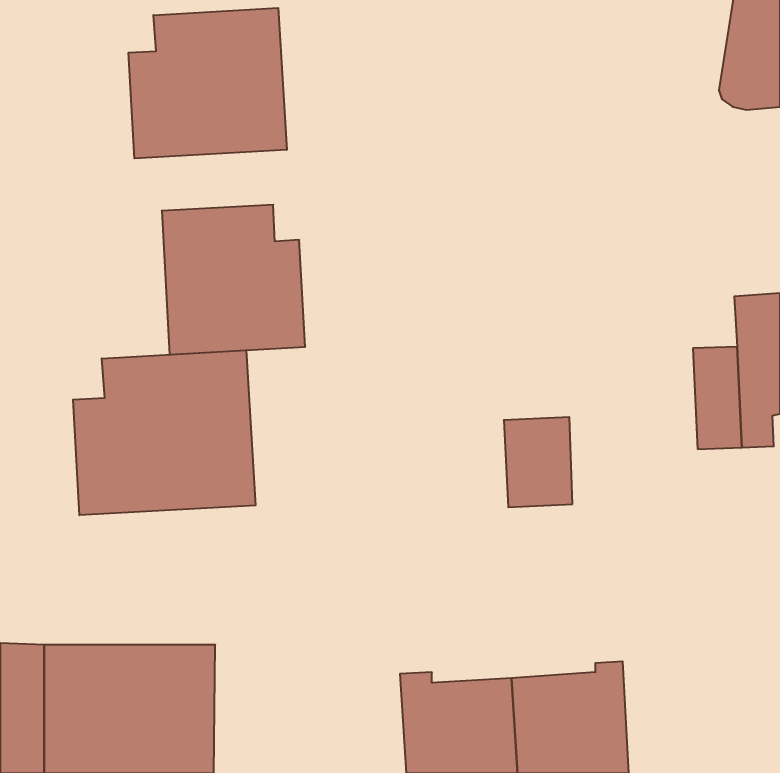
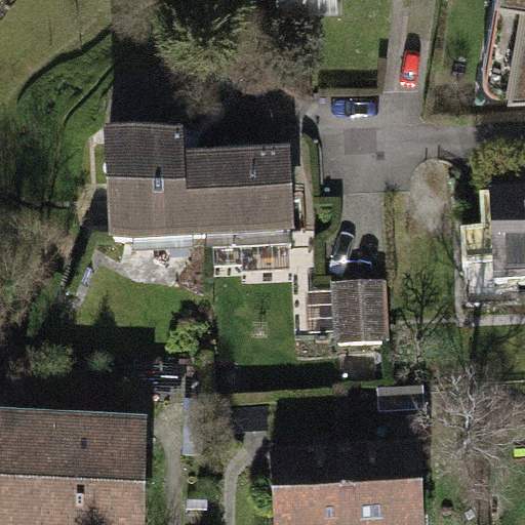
building: [129,8,287,158] -> none
building: none -> [201,157,292,248]
building: [73,350,255,515] -> none

